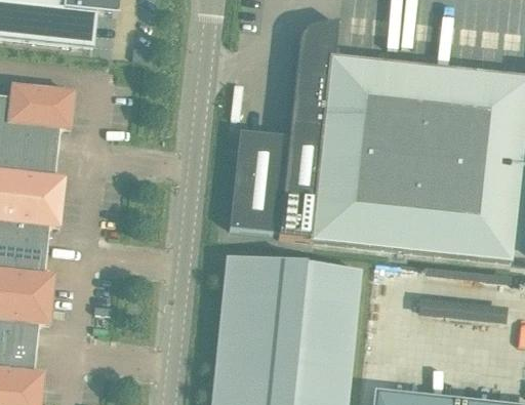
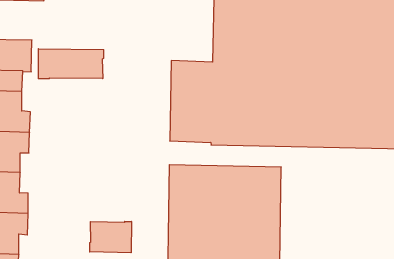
building: none -> [38,49,104,79]
building: none -> [90,221,131,253]

